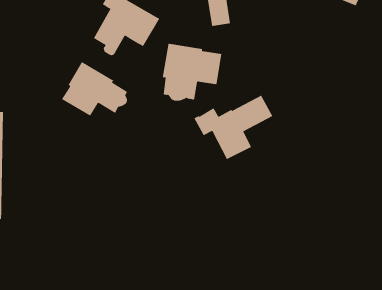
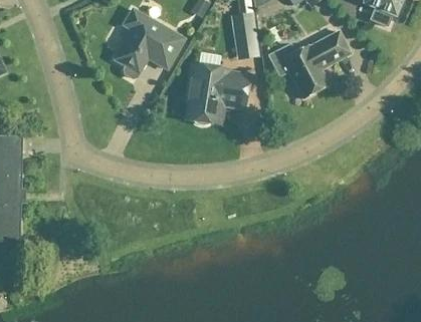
building: [61,61,128,117] -> none
building: [194,95,273,160] -> [268,30,351,97]

